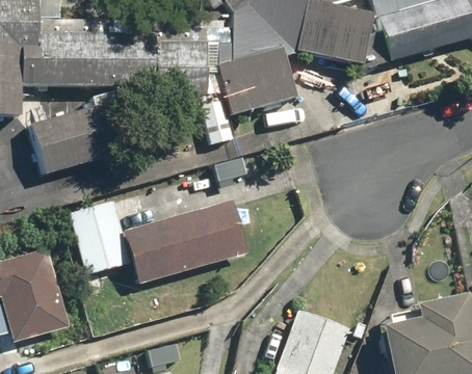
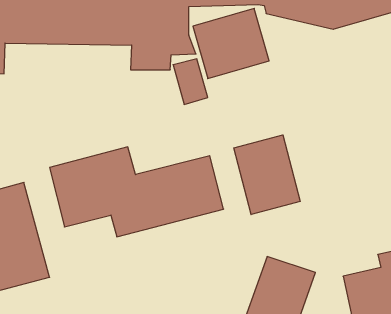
building: [28,101,132,177] -> none
building: none -> [234,135,300,215]

